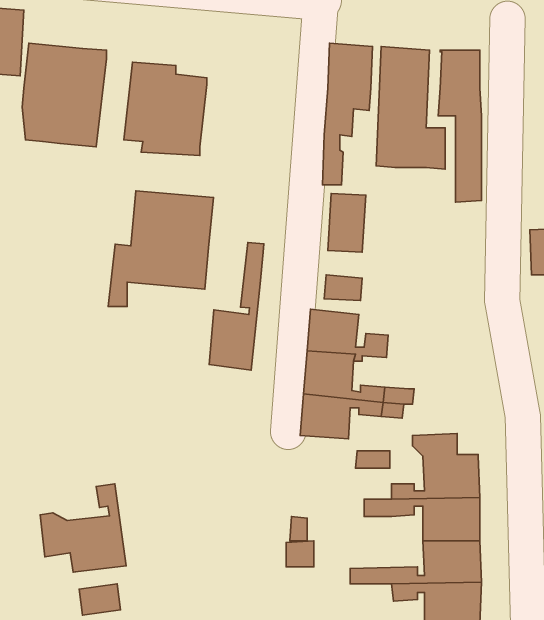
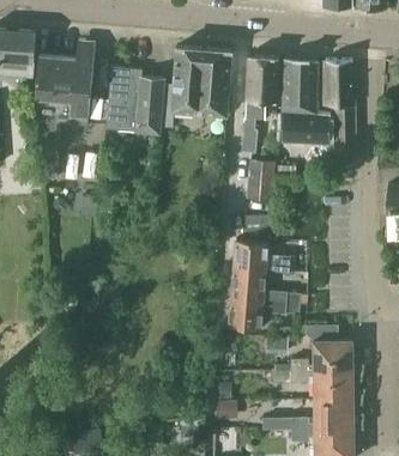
building: [108,191,214,306] -> [158,47,231,127]
building: [209,242,264,370] -> none
building: [40,484,126,572] -> none

